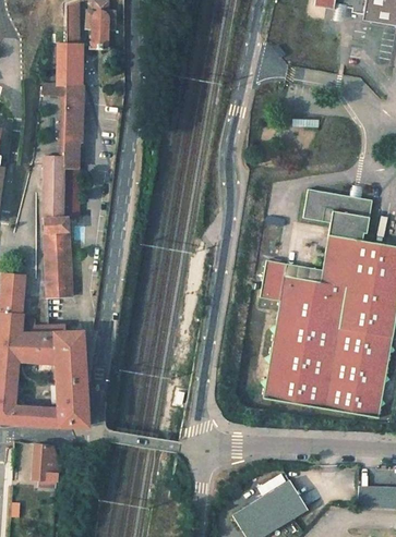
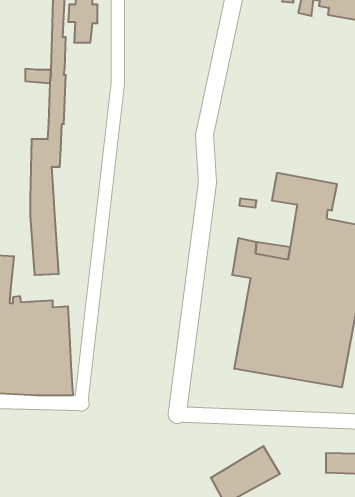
building: [32,443,57,480] -> none

